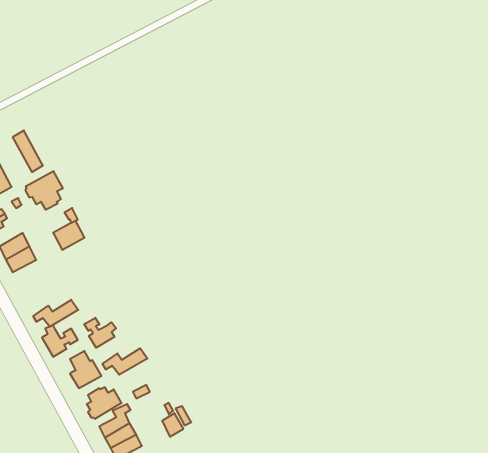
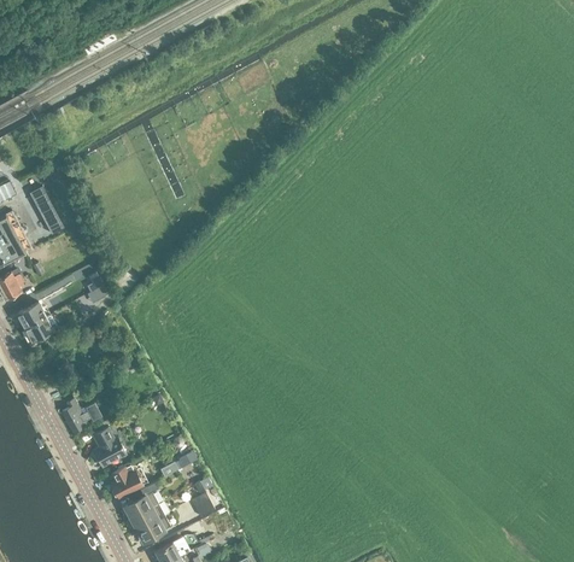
building: [26,171,63,210] -> none
building: [33,300,78,327] -> none
building: [84,318,116,348] -> none
building: [103,348,147,375] -> none

